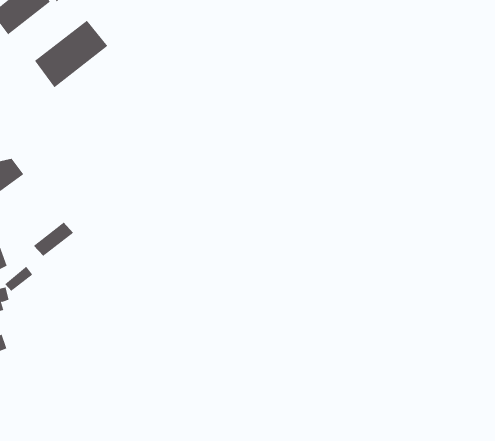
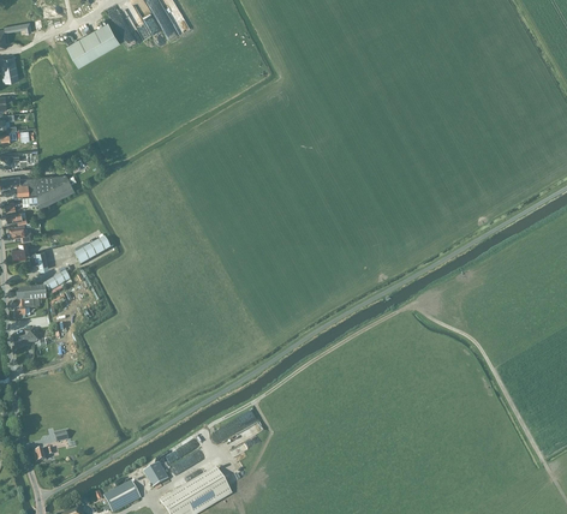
building: [34,20,108,88] -> none

